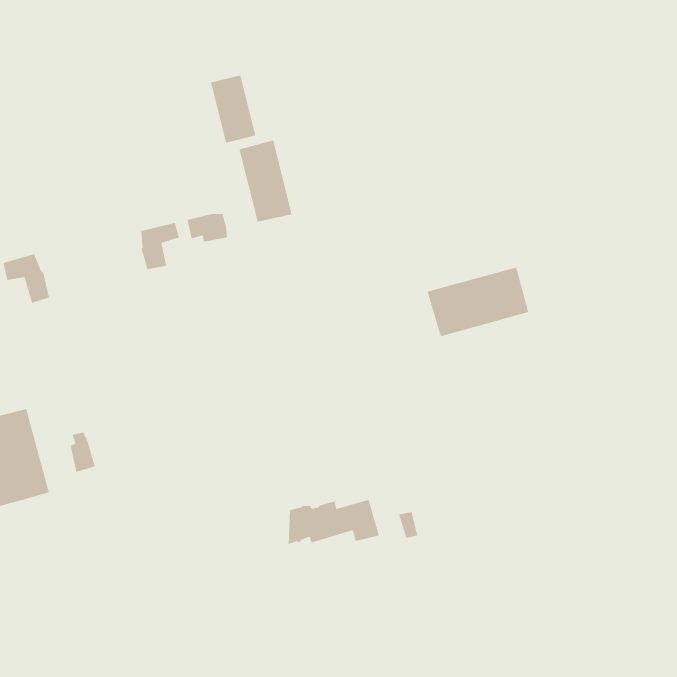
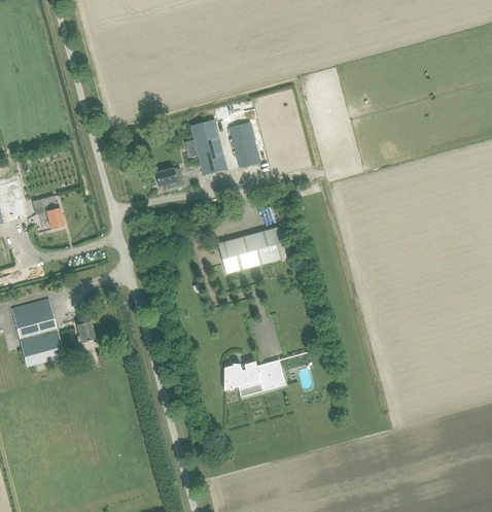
building: [210,75,256,144] -> [230,122,260,168]
building: [140,222,180,270] -> none
building: [426,266,529,337] -> [217,226,286,273]

